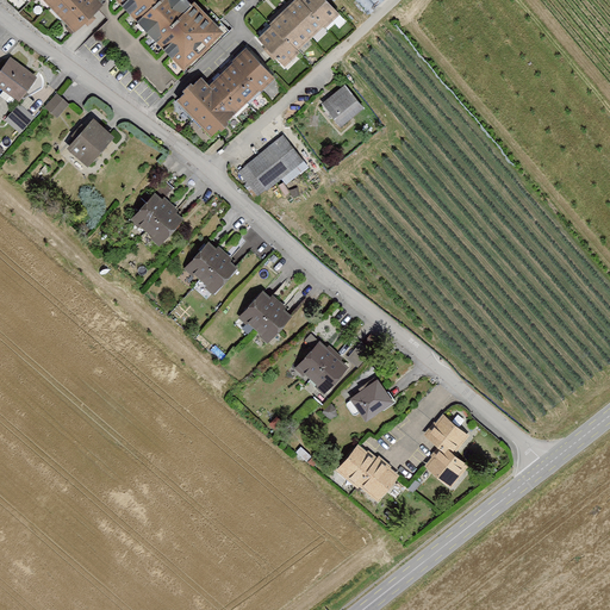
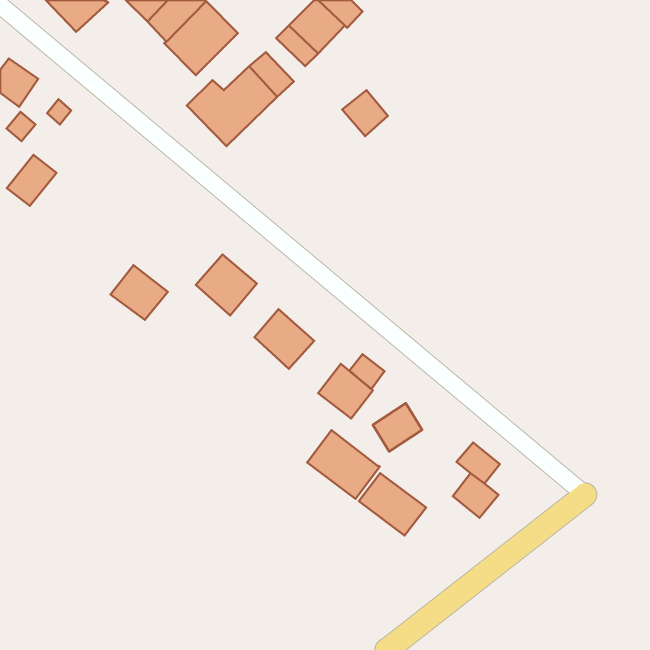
building: [68,117,114,164] -> [7,155,56,206]
building: [236,133,303,195] -> none
building: [129,193,182,244] -> [110,265,168,320]
building: none -> [349,354,384,389]
building: none -> [307,430,380,499]

